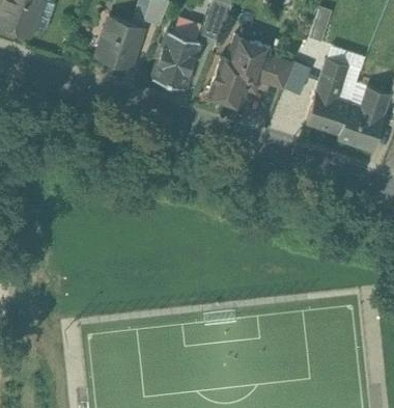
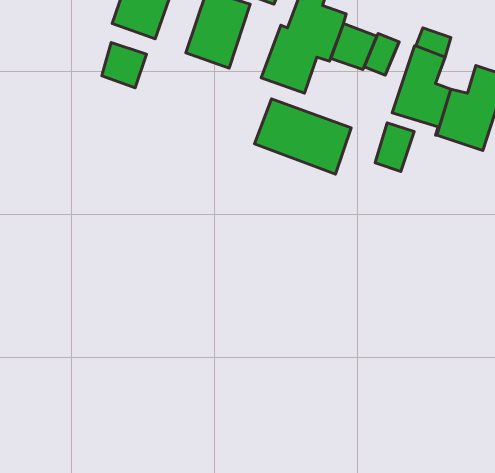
building: none -> [102,43,147,88]
building: none -> [254,99,351,174]
building: none -> [375,123,414,172]

